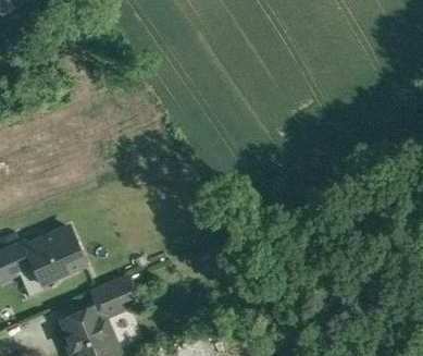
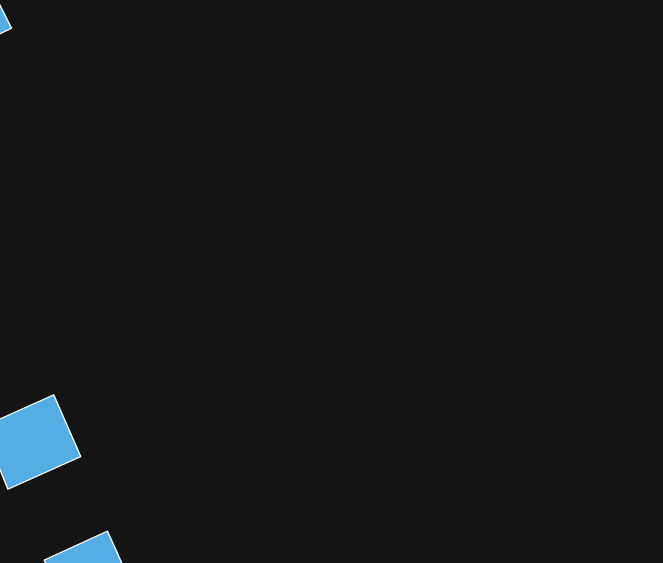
building: [91,277,138,317] -> none

